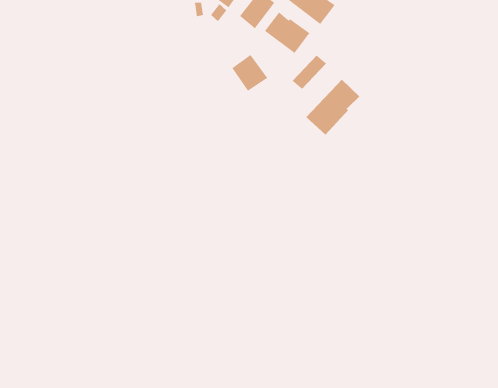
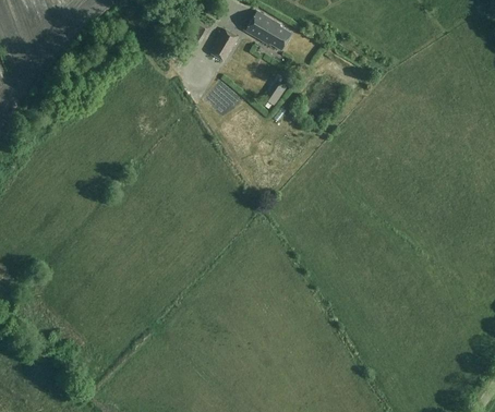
building: [264,12,310,54] -> none
building: [306,79,360,135] -> none

